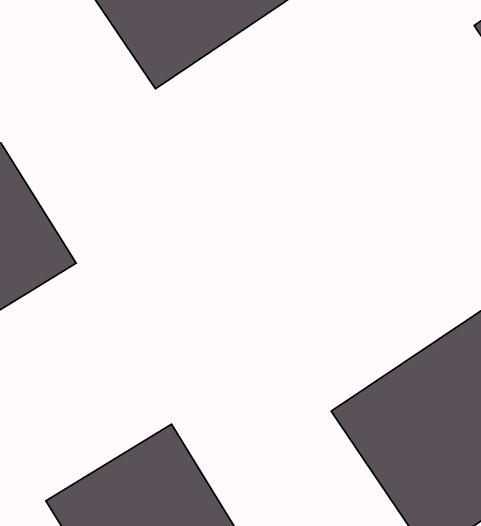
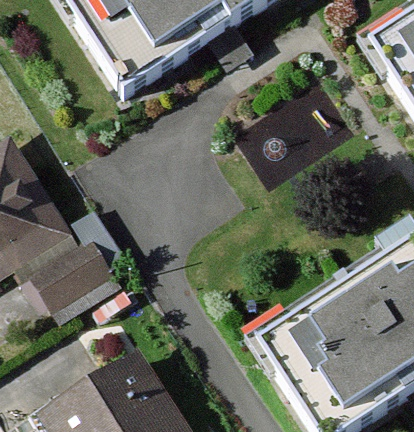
building: none -> [32,232,120,315]

